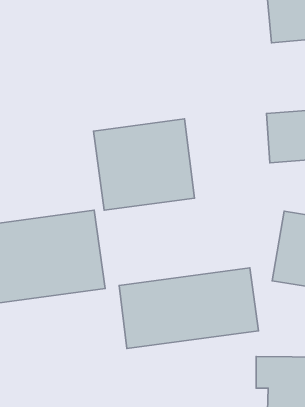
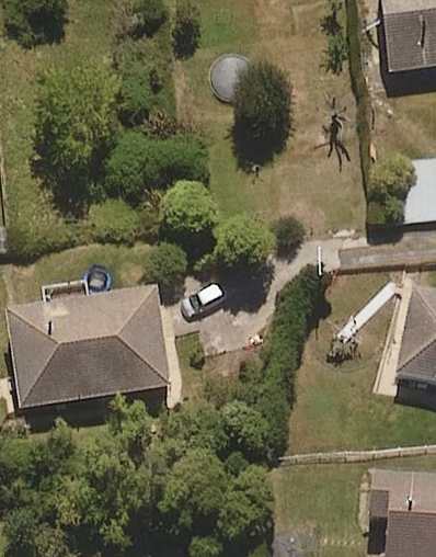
building: [93,119,195,210] -> none
building: [119,268,259,348] -> none

